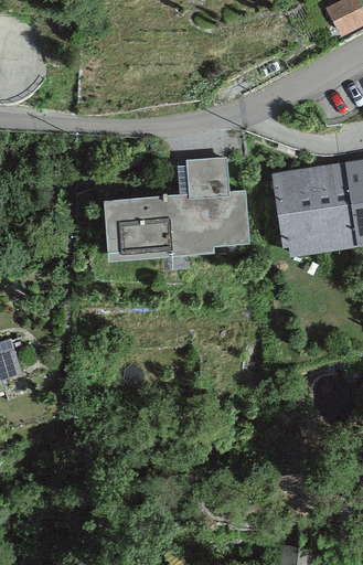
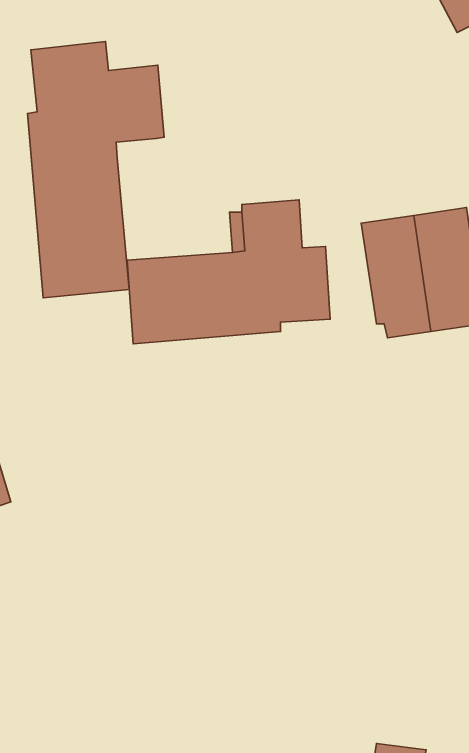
building: none -> [28,42,164,298]

